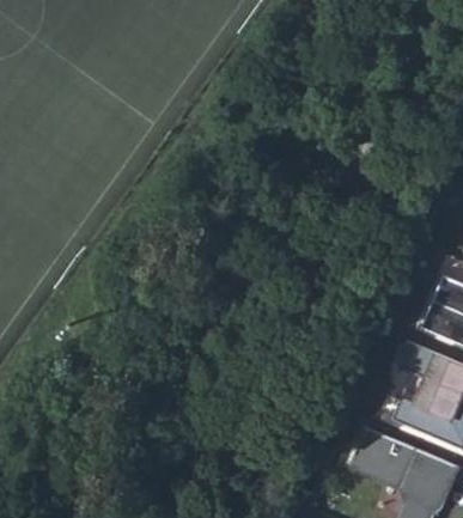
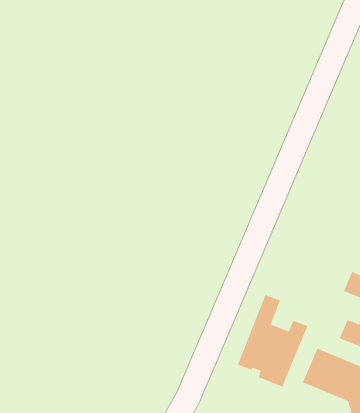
building: none -> [237,294,308,388]

